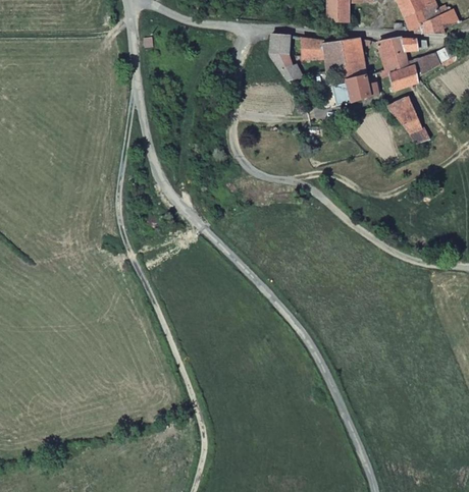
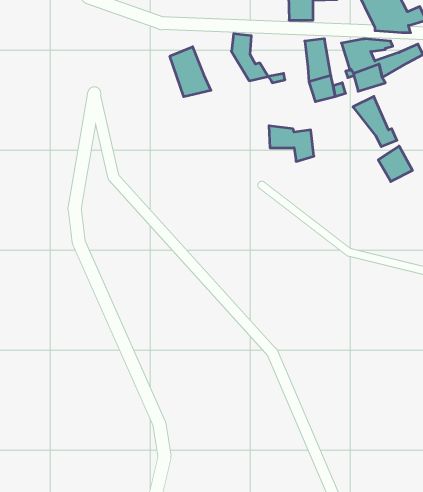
building: [300,37,344,71] -> [269,126,314,161]
building: none -> [170,47,211,97]
building: none -> [378,146,412,182]

